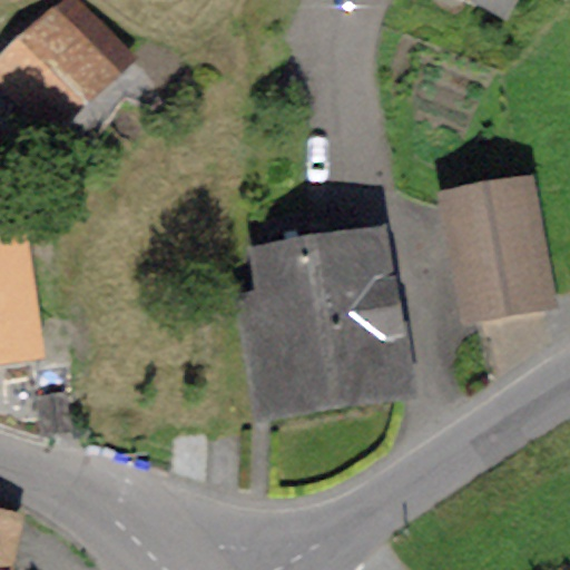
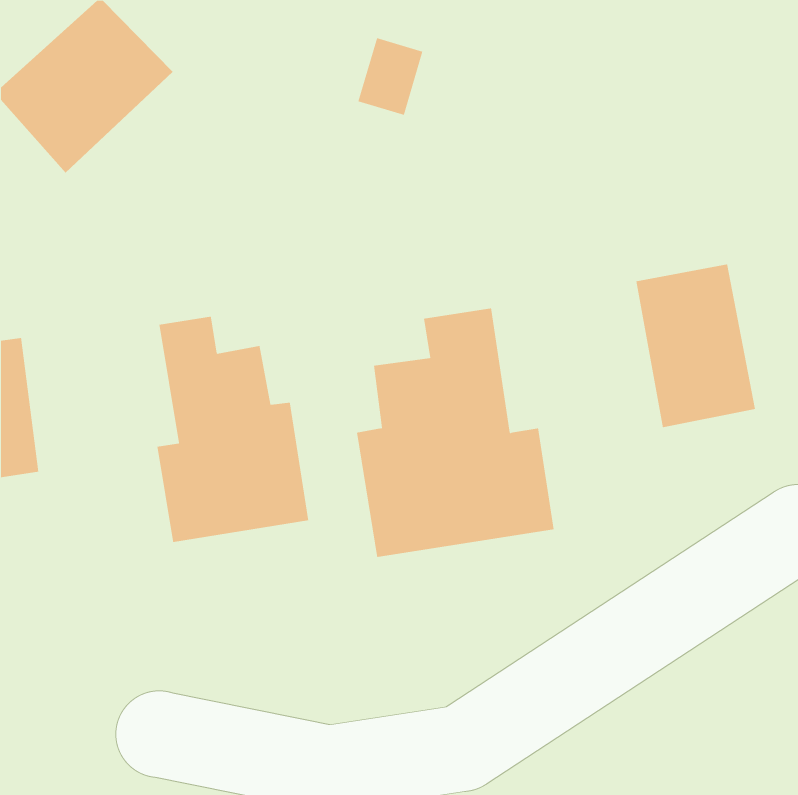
building: none -> [157,316,309,543]

